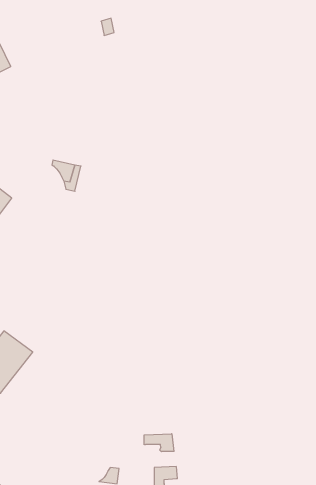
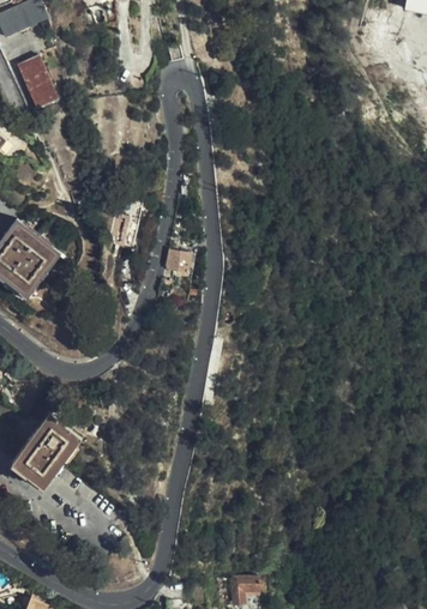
building: none -> [157,249,187,281]
building: [144,434,174,452] -> none

